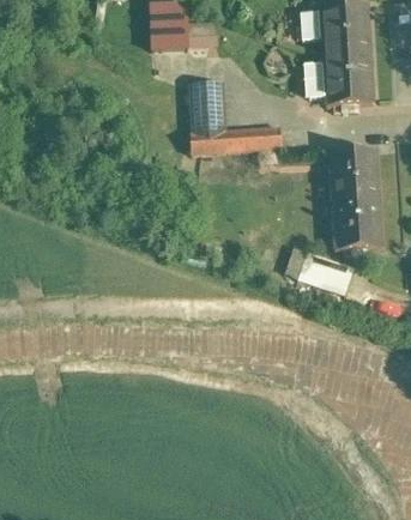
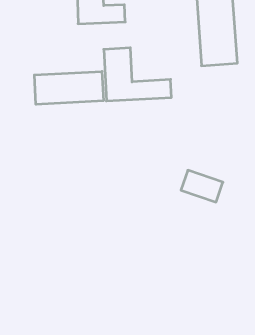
building: none -> [34,71,103,104]
building: [325,149,383,253] -> none

